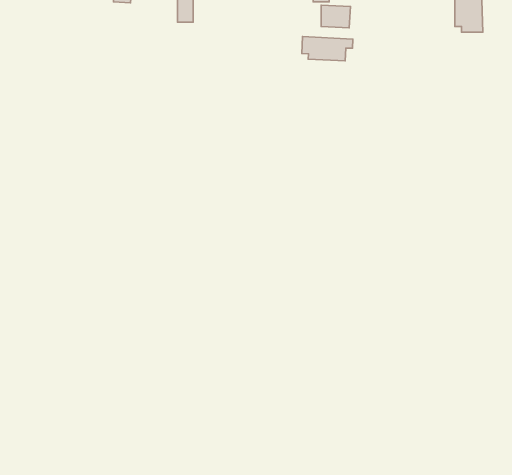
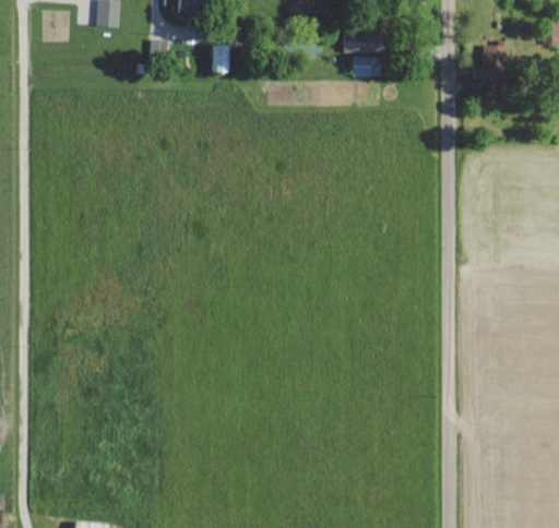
building: [302,36,353,61] -> none

